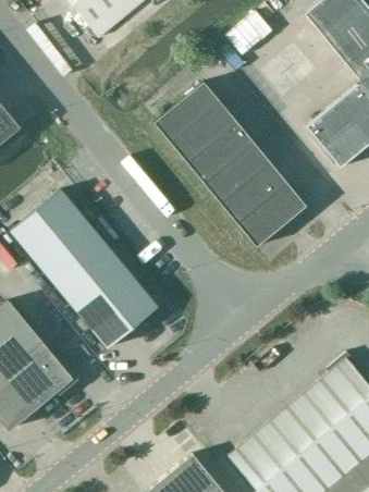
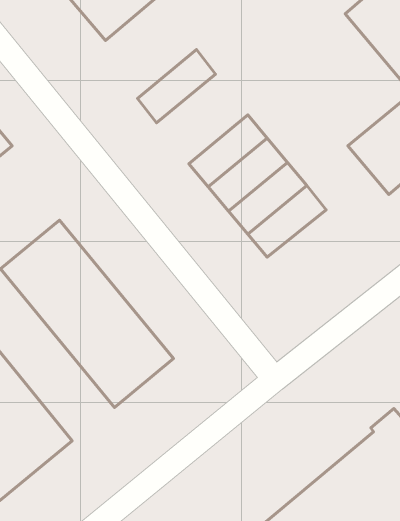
building: [155,81,221,143] -> [137,50,216,123]
building: [237,182,307,246] -> none

